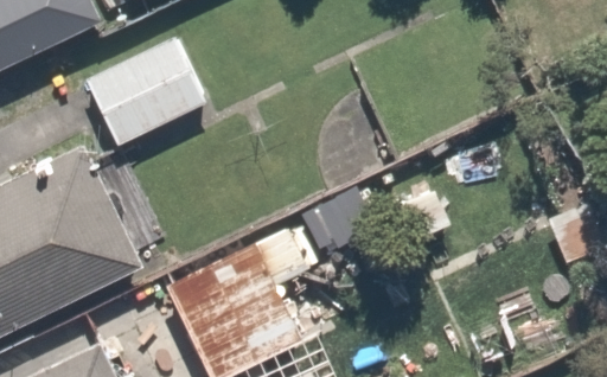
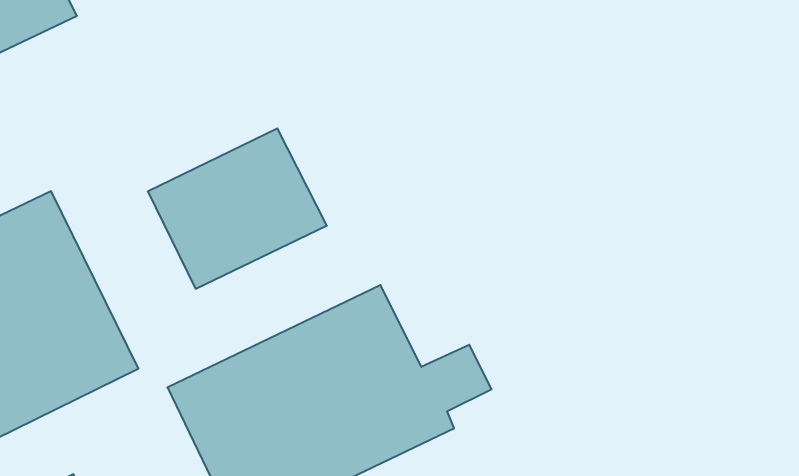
building: [83,37,207,148] -> [148,128,327,289]

